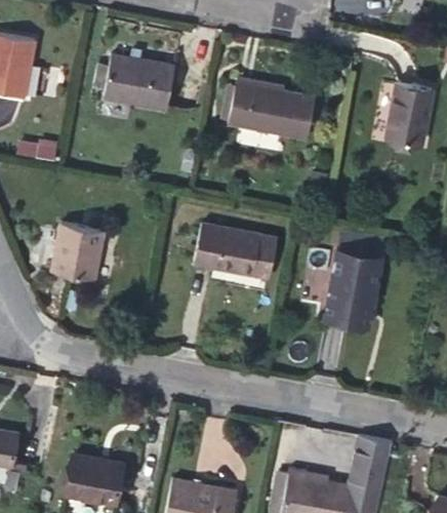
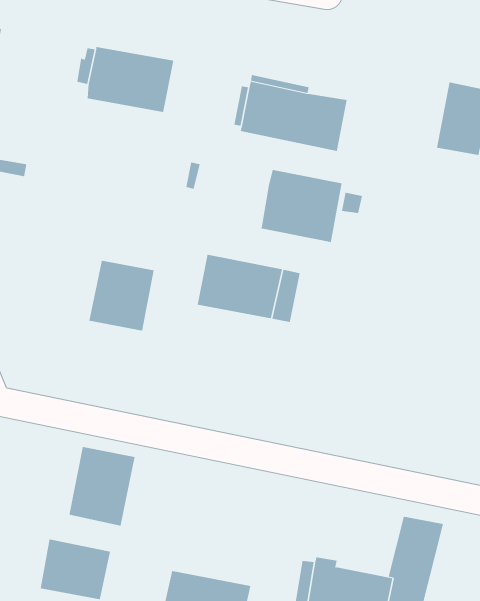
building: none -> [260,169,342,243]
building: [50,222,104,279] -> [89,260,154,331]
building: [321,252,384,334] -> none
building: none -> [69,446,135,526]

